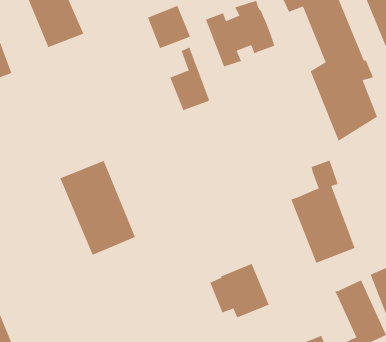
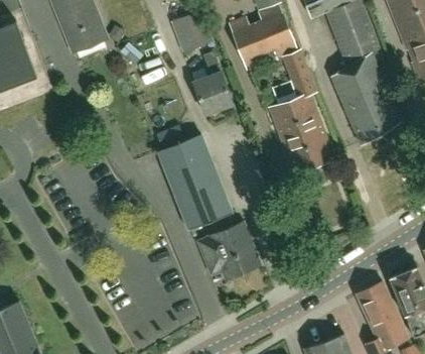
building: [290,160,355,263] -> [269,70,333,172]
building: [60,160,136,255] -> [156,135,232,230]
building: [210,263,269,318] -> [199,223,259,277]

